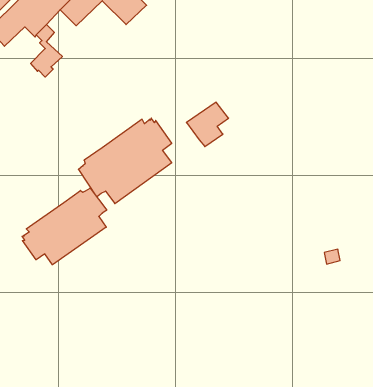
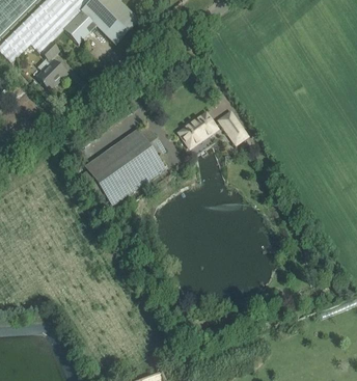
building: none -> [219,110,247,143]
building: [22,188,107,265] -> none

